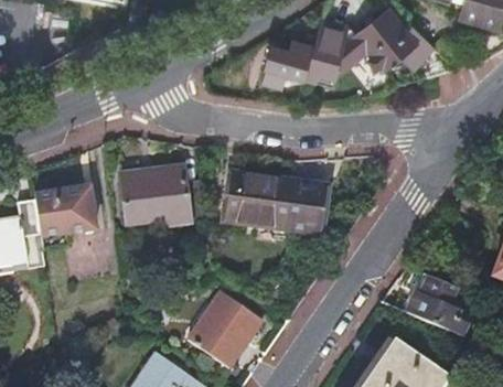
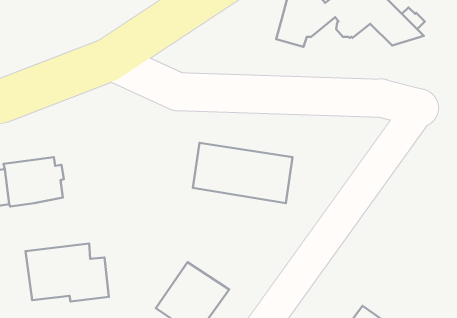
building: [266,41,314,86] -> none
building: [119,166,203,225] -> [26,243,109,301]
building: [393,267,477,341] -> none

